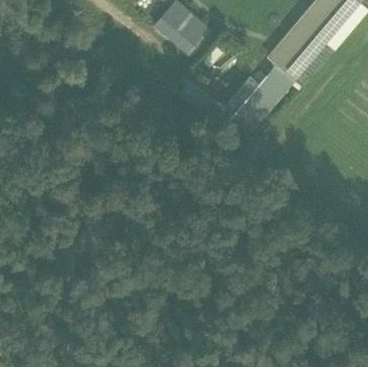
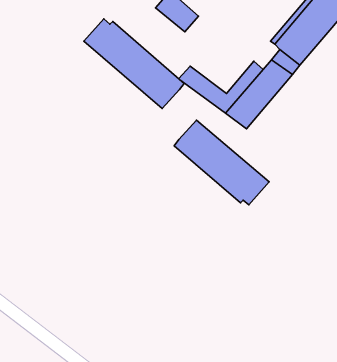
building: none -> [84,19,184,108]
building: none -> [174,120,269,205]

